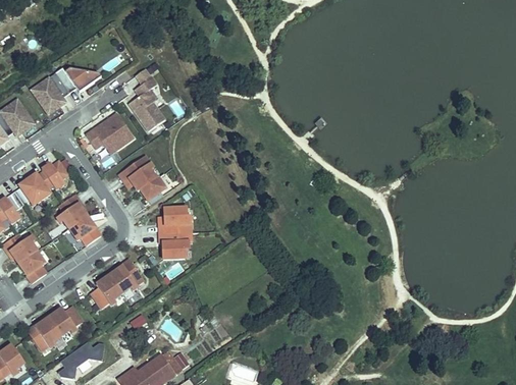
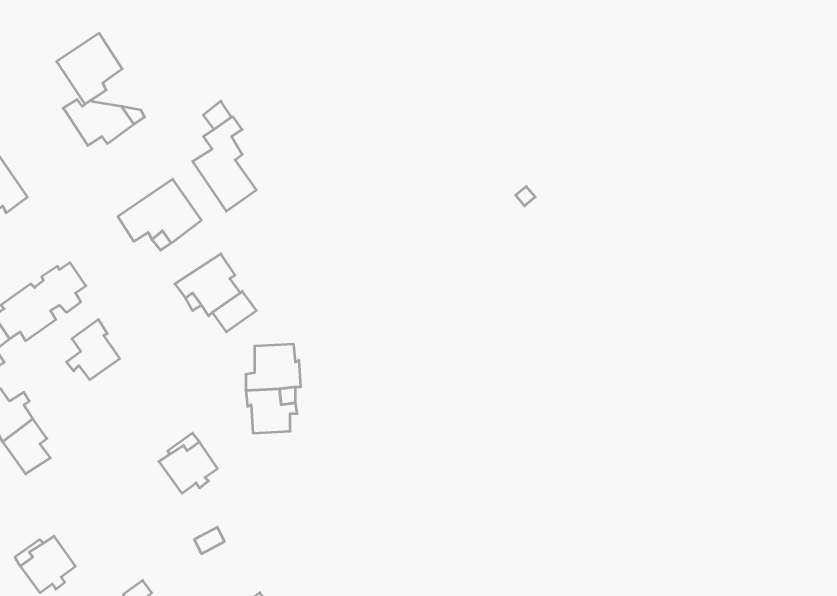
building: [31,73,68,114] -> [57,33,122,104]
building: [69,216,100,244] -> none
building: [91,275,122,308] -> none
building: [49,306,83,335] -> none

